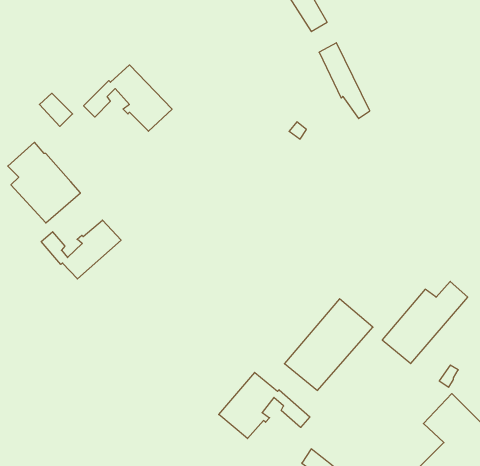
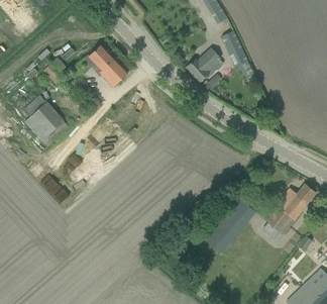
building: none -> [187,49,224,81]
building: [41,220,121,279] -> none
building: [219,372,310,439] -> none

